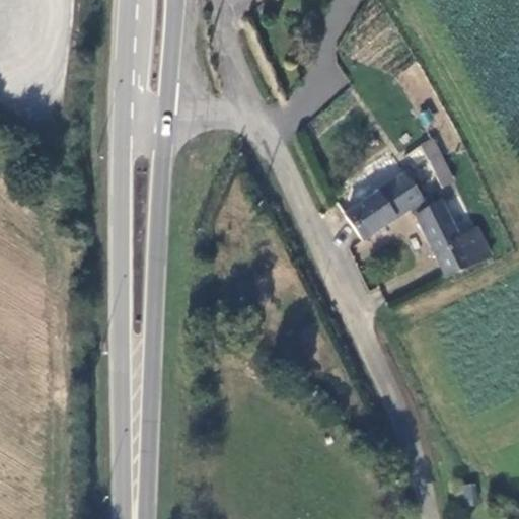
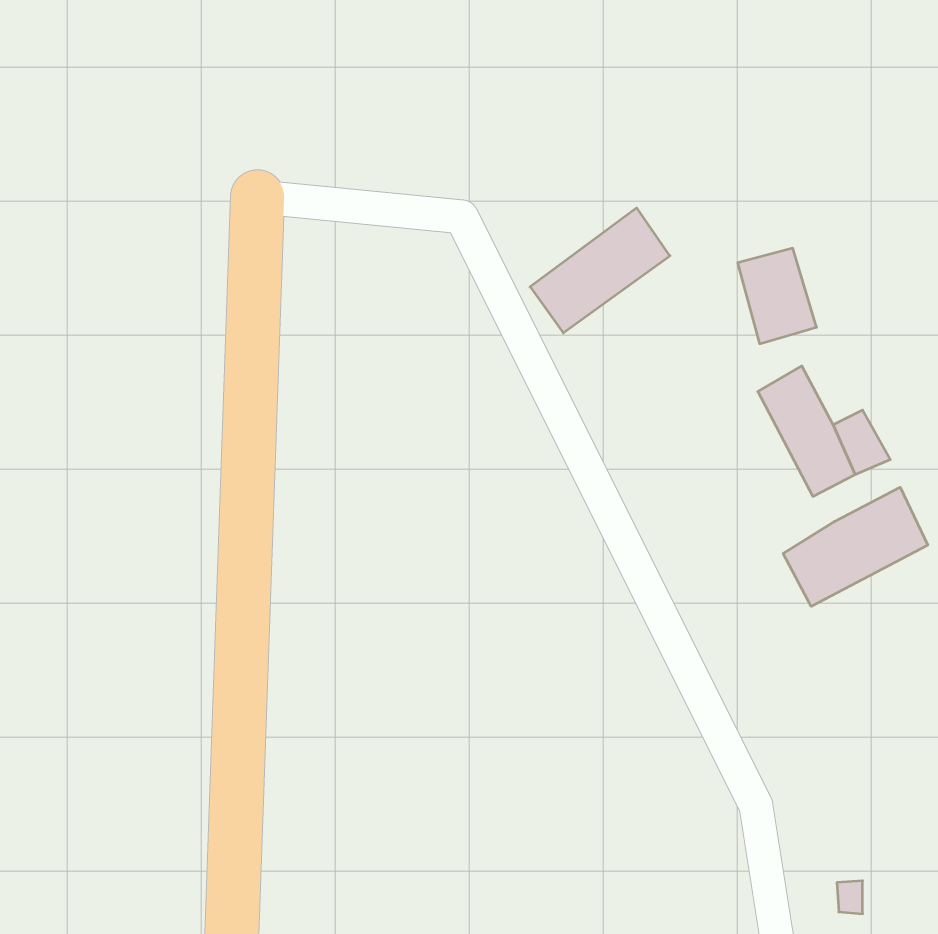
building: [346,172,423,241] -> [530,208,670,333]
building: none -> [783,487,928,606]

